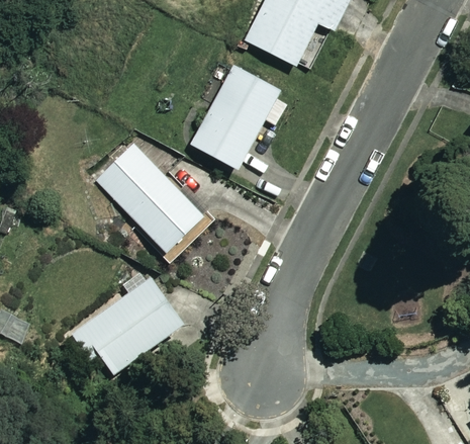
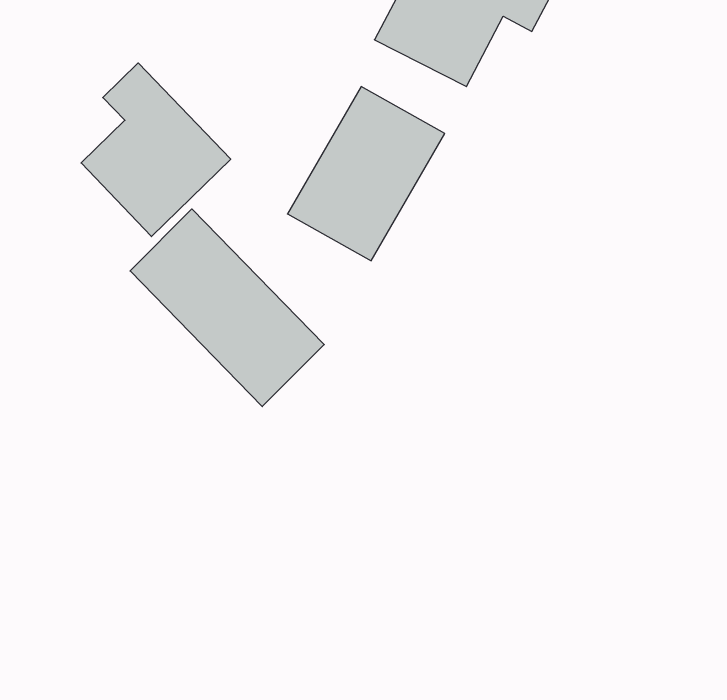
building: none -> [81,63,231,237]
building: [70,266,186,375] -> none

